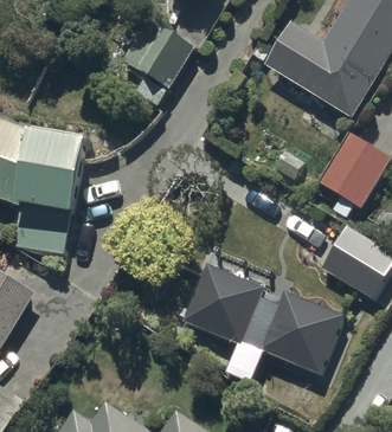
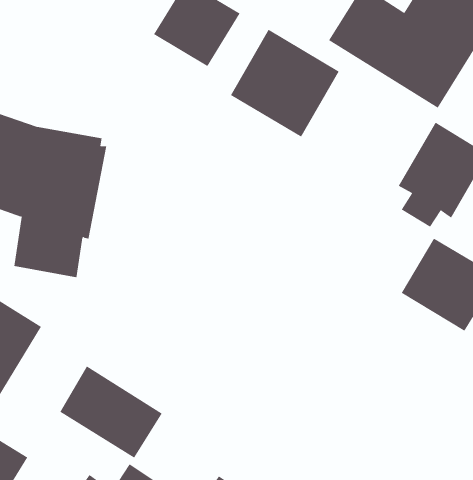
building: none -> [230,29,339,138]
building: [184,254,345,367] -> none
building: none -> [59,366,162,458]

